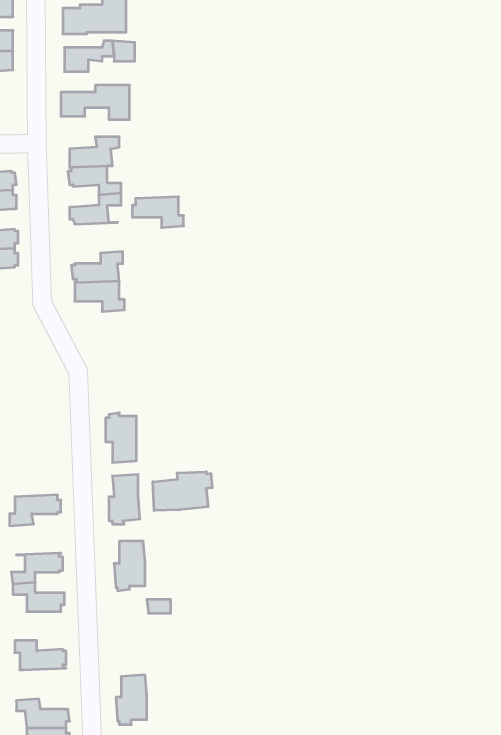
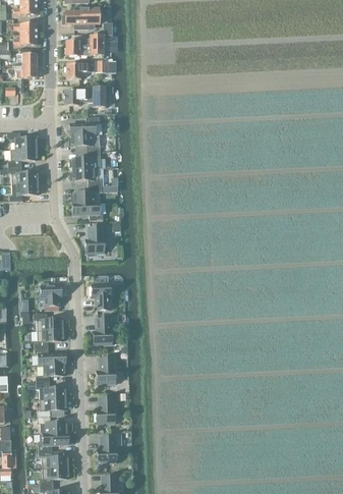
building: [132,197,184,228] -> [71,167,102,185]
building: none -> [85,225,104,255]
building: none -> [41,282,61,306]
building: none -> [34,313,65,330]
building: [153,472,212,511] -> none
building: none -> [35,346,65,365]
building: none -> [97,396,115,426]
building: none -> [38,398,68,416]
building: none -> [39,432,68,451]

